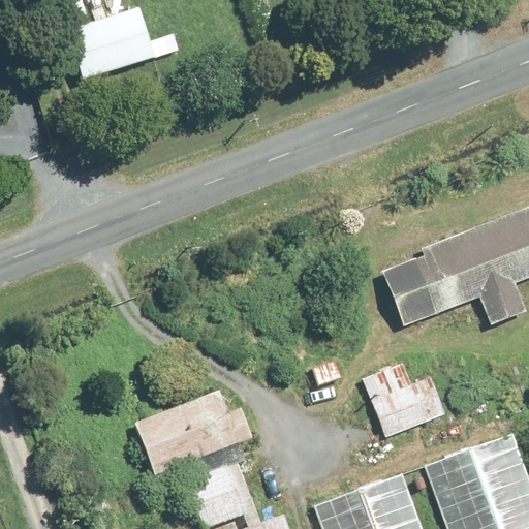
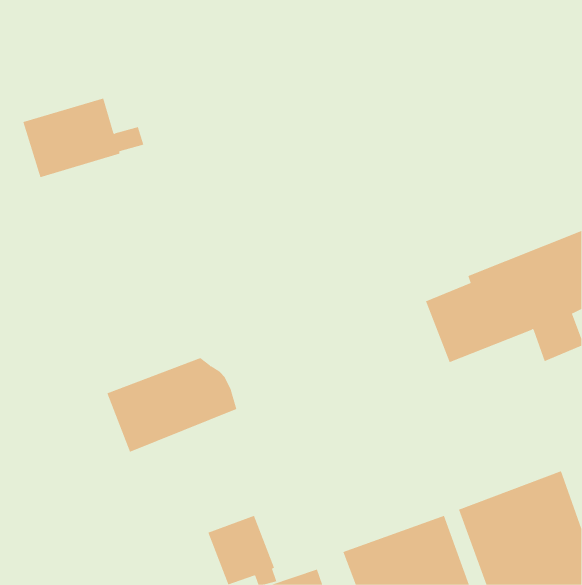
building: [70,10,180,83] -> [23,98,144,178]
building: [363,363,446,438] -> none
building: [136,391,254,476] -> [106,358,237,453]

